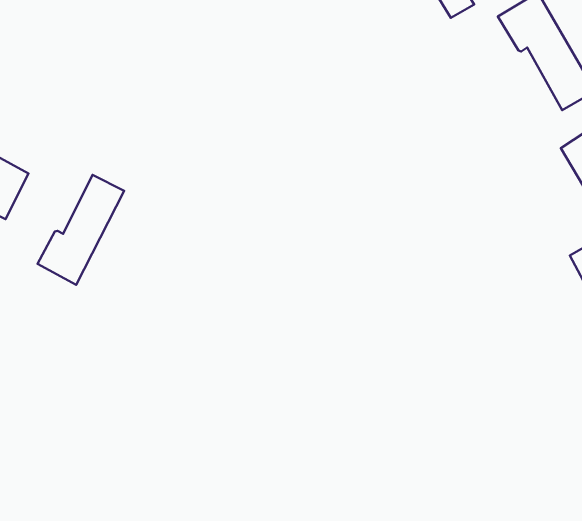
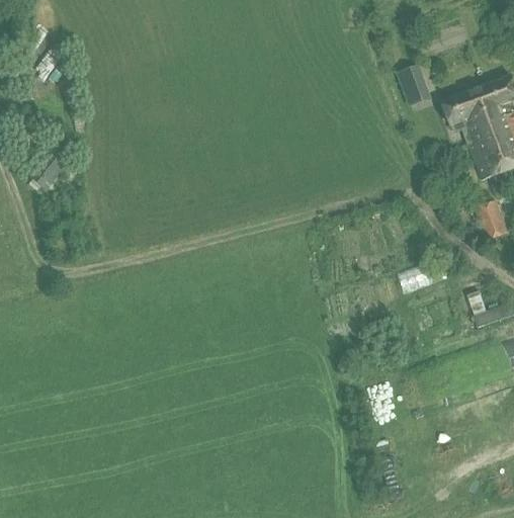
building: [37,175,124,285] -> none

